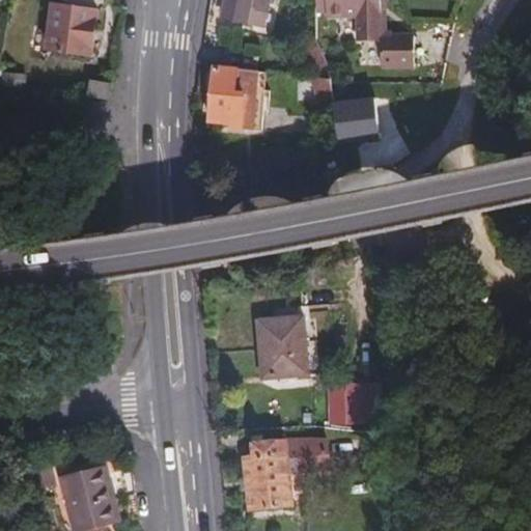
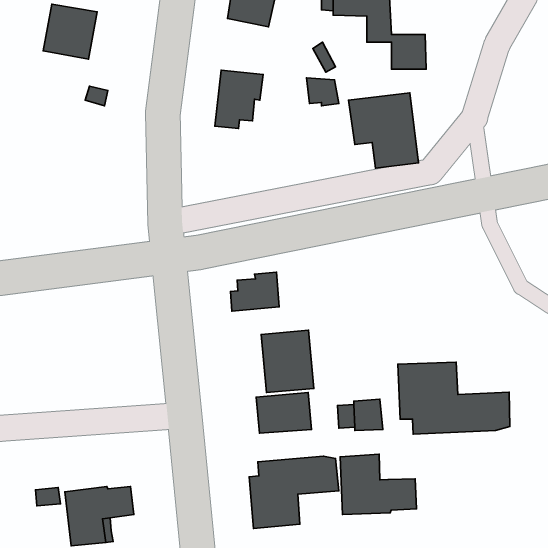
building: none -> [230,272,279,311]
building: none -> [398,362,510,434]
building: none -> [256,392,311,433]
building: none -> [340,454,417,514]

